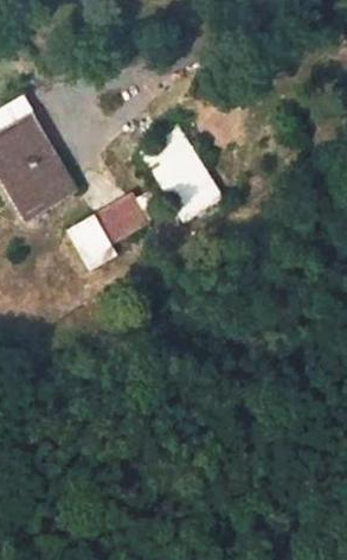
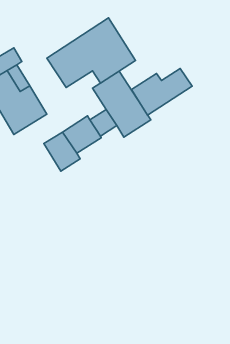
building: none -> [47,18,135,88]
building: none -> [131,69,192,115]

